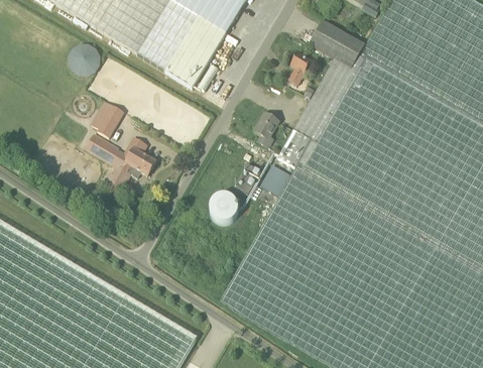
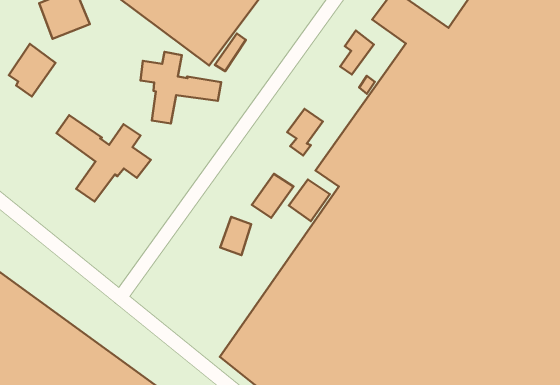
building: none -> [140,52,221,124]
building: [91,100,124,138] -> [9,44,56,97]

